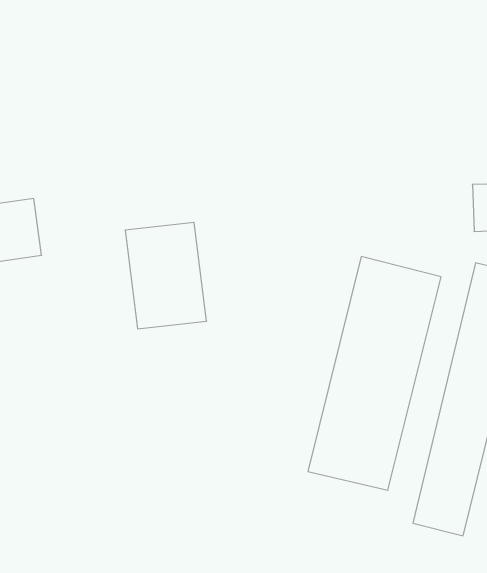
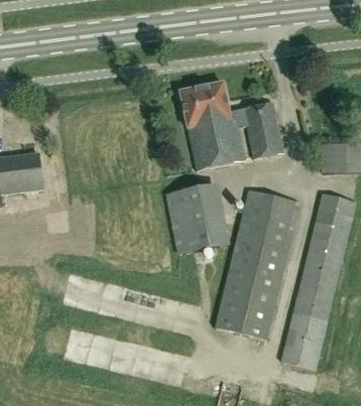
building: none -> [181,82,283,171]
building: [125,222,207,329] -> [162,176,215,245]

